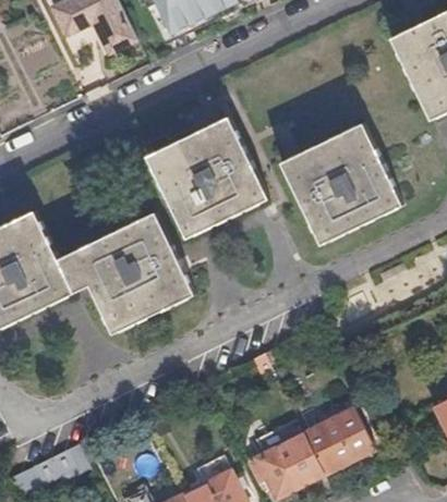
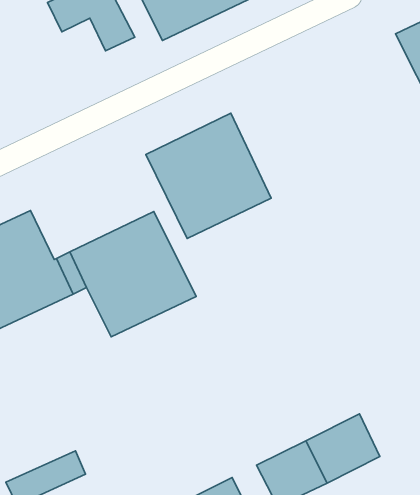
building: [281,121,403,244] -> none

